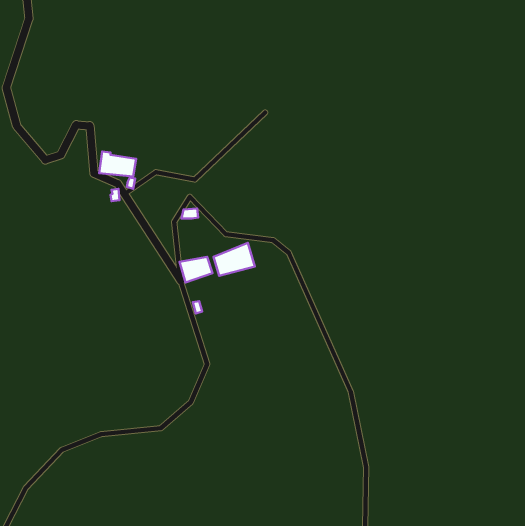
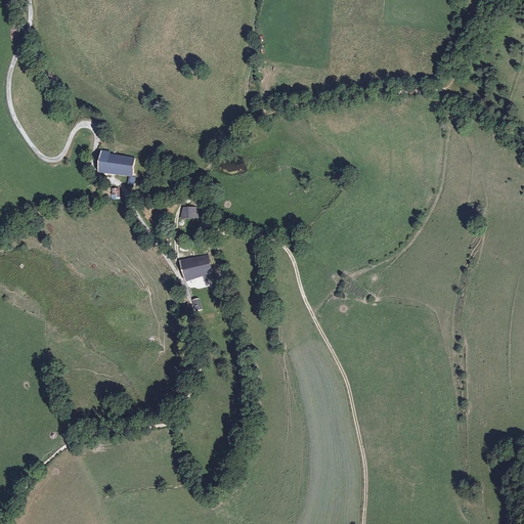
building: [214,243,255,276] -> none

